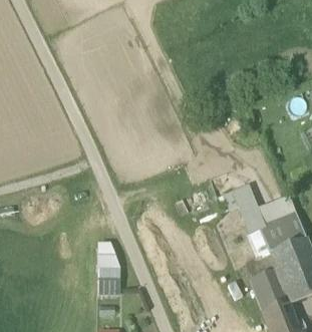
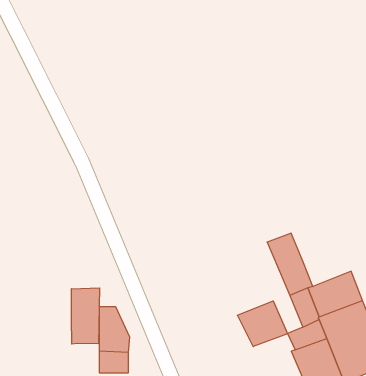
building: [258,196,296,228] -> none
building: none -> [71,288,100,344]
building: none -> [237,301,288,347]

